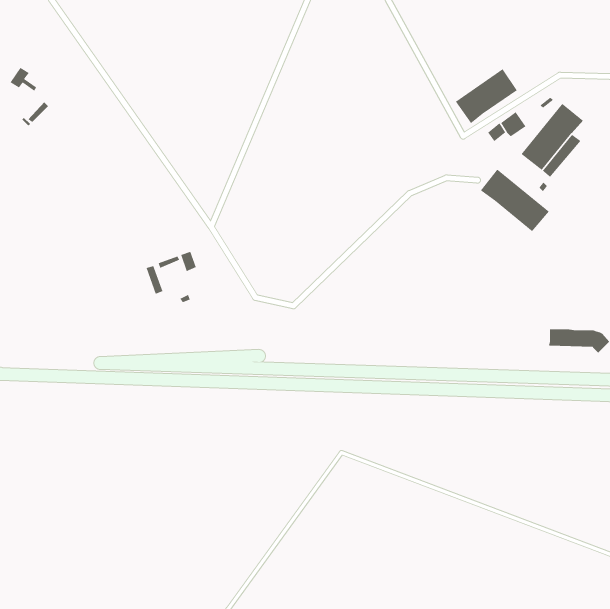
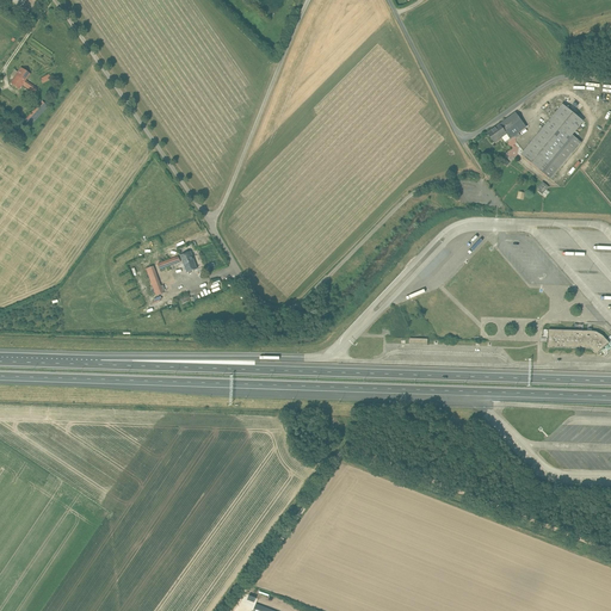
building: [455,68,518,124] -> none
building: [480,169,550,232] -> none

